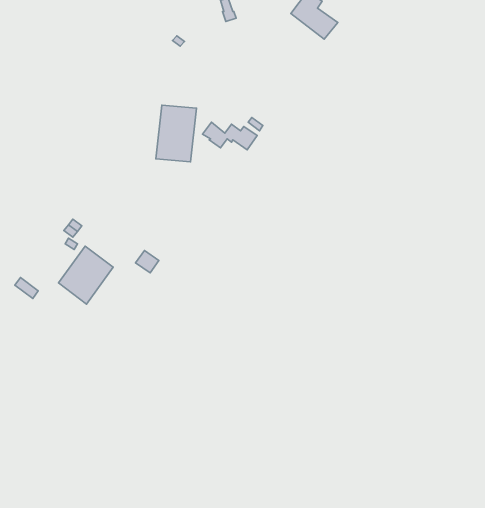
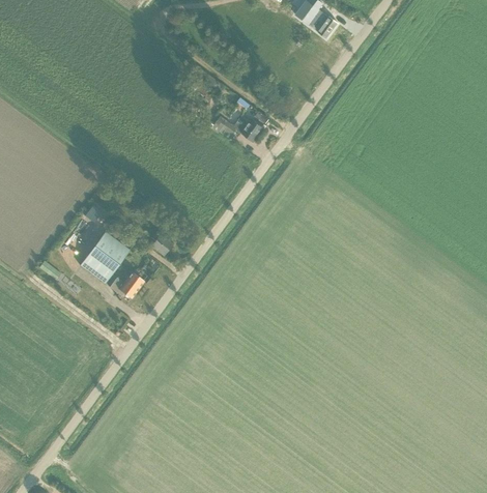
building: [156,105,196,162] -> none
building: none -> [110,270,144,296]

